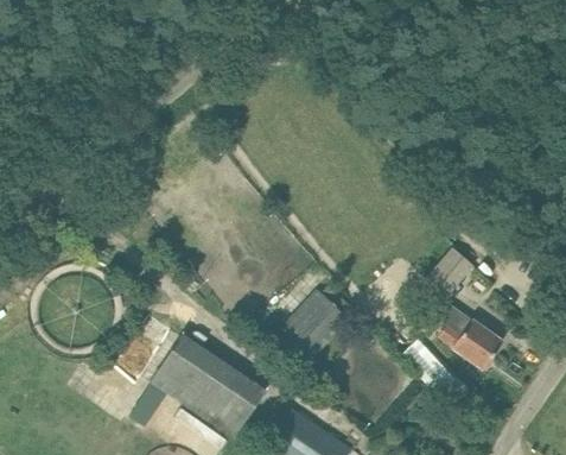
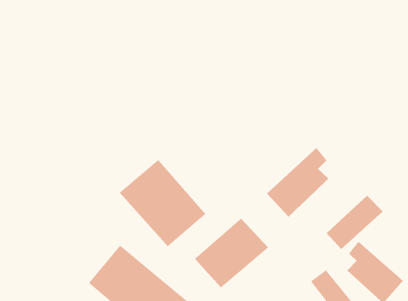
building: none -> [266,147,329,218]
building: none -> [119,159,206,247]

